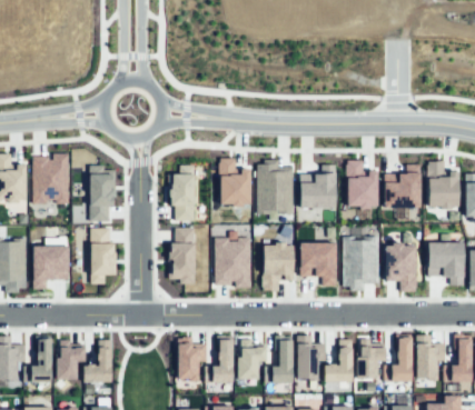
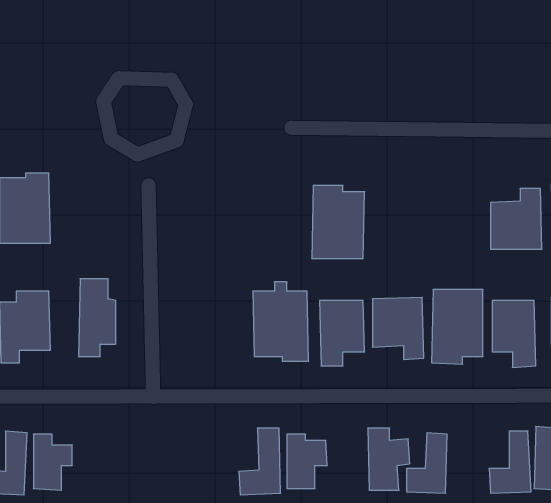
building: [220,159,251,206] -> none
building: [347,160,379,208] -> none
building: [300,164,337,209] -> none
building: [87,166,117,221] -> none
building: [171,166,196,221] -> none
building: [169,228,197,284] -> none
building: [178,338,207,381] -> none
building: [265,338,295,383] -> none
building: [83,340,112,382] -> none
building: [358,342,386,379] -> none

